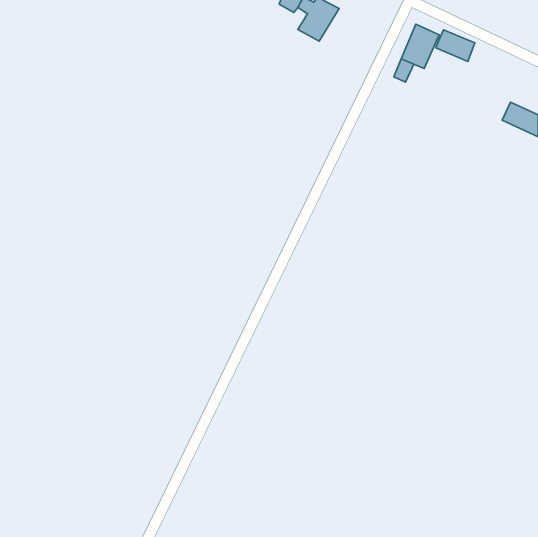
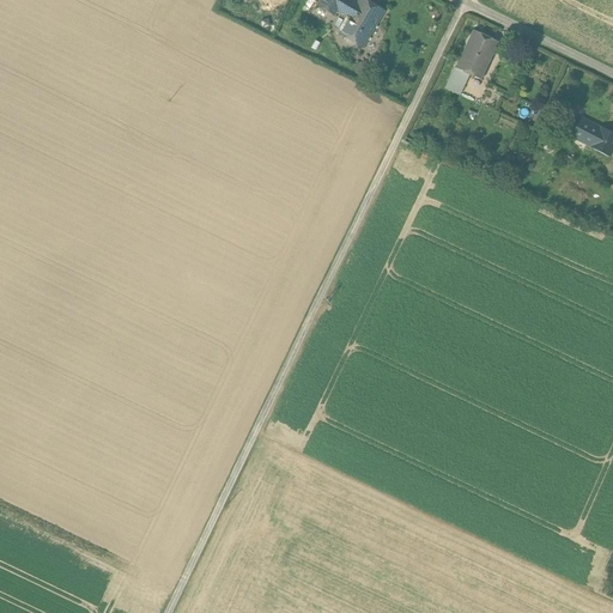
building: [436,30,475,61] -> none

